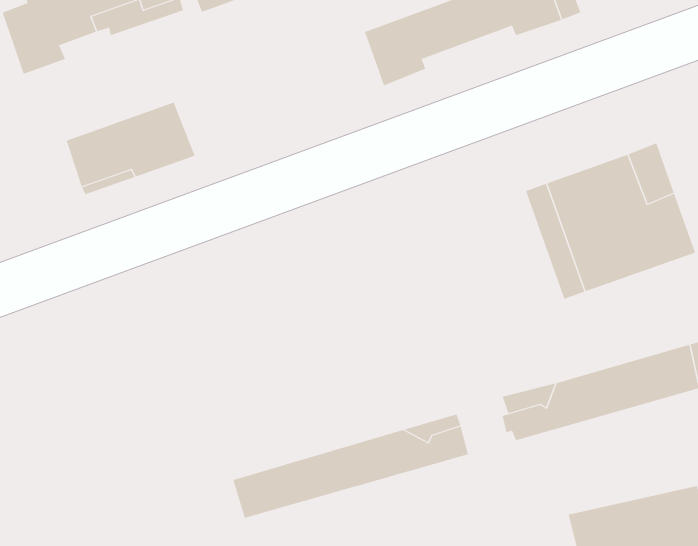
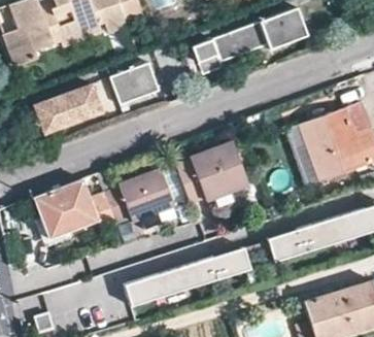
building: none -> [113,61,163,103]
building: none -> [178,140,249,208]
building: none -> [106,167,176,228]
building: none -> [36,177,100,238]

